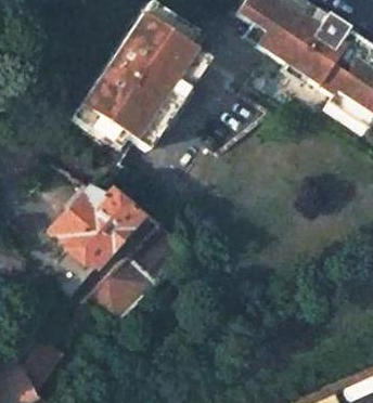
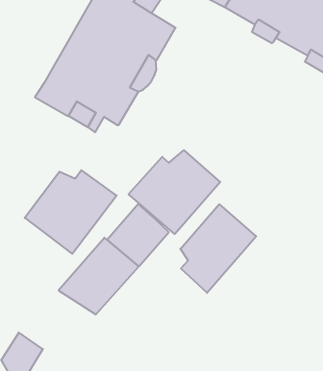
building: none -> [129,150,220,234]
building: none -> [180,204,256,293]

